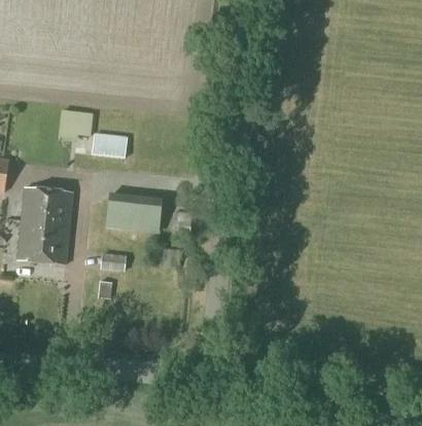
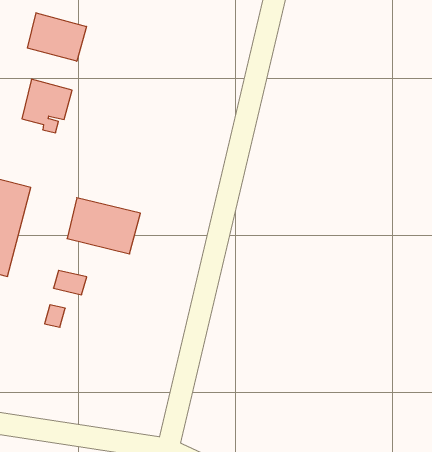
building: none -> [27,13,86,61]
building: [100,135,133,158] -> none

